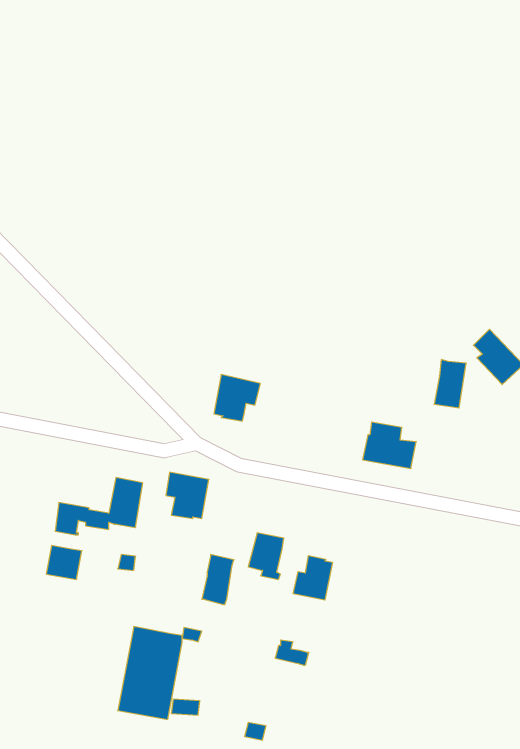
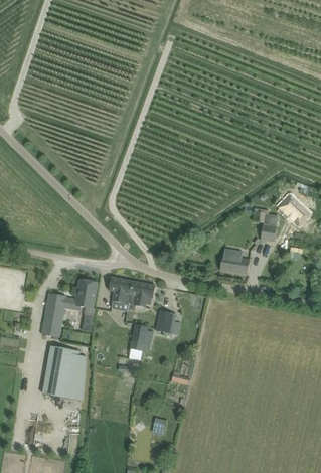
building: [214,375,260,421] -> [130,281,156,307]
building: [293,556,332,600] -> none
building: [118,627,182,719] -> [43,346,79,399]

